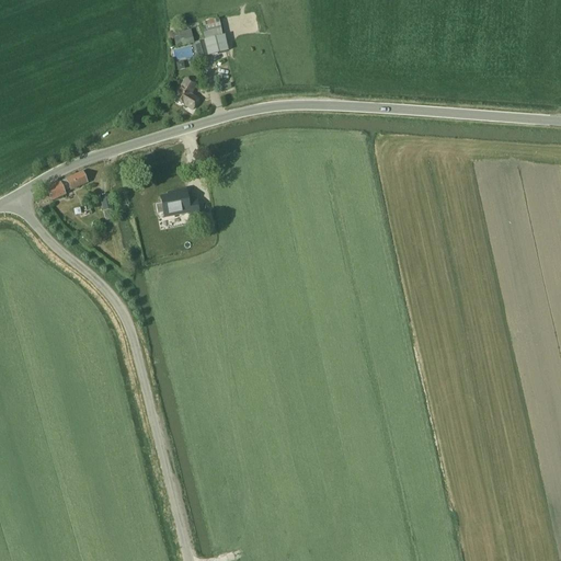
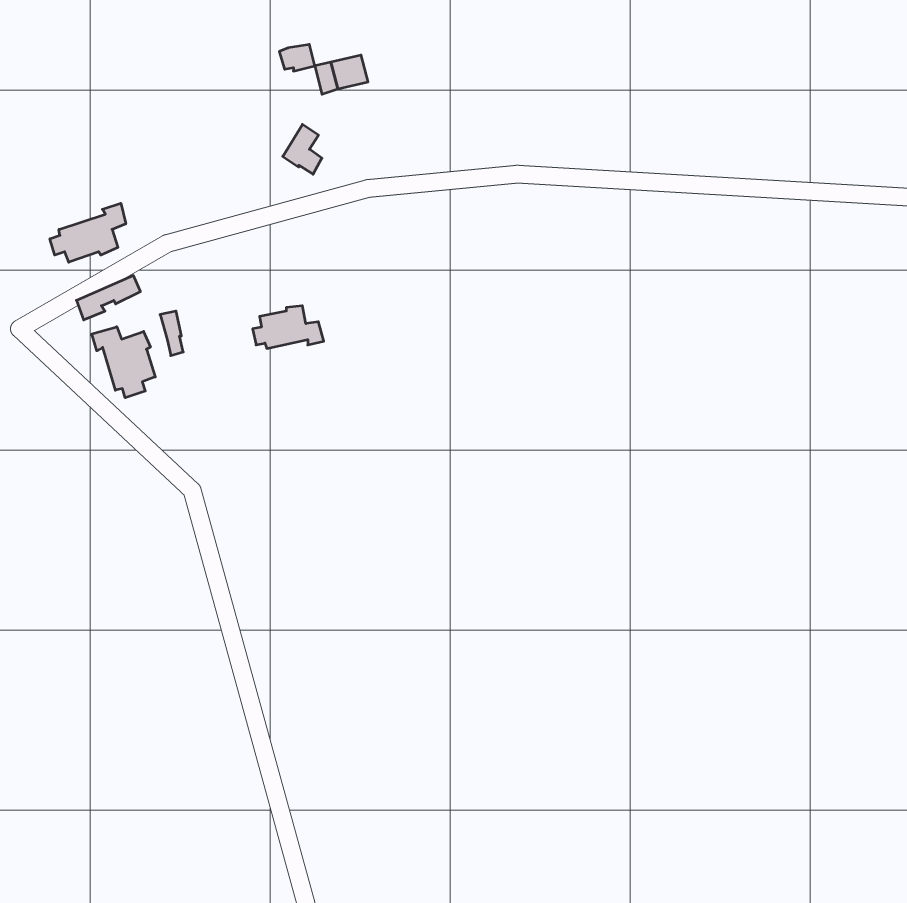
building: none -> [50,203,126,262]
building: none -> [92,327,155,398]

